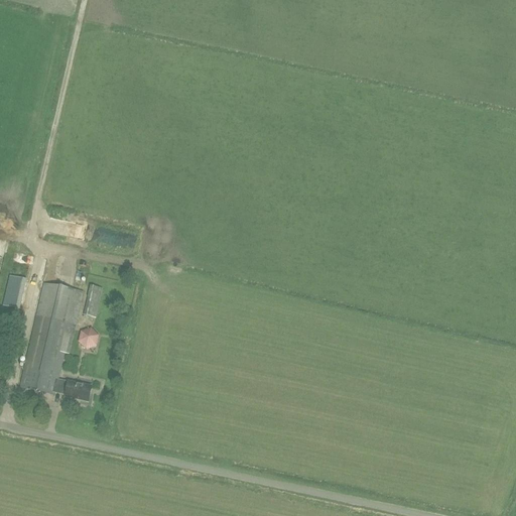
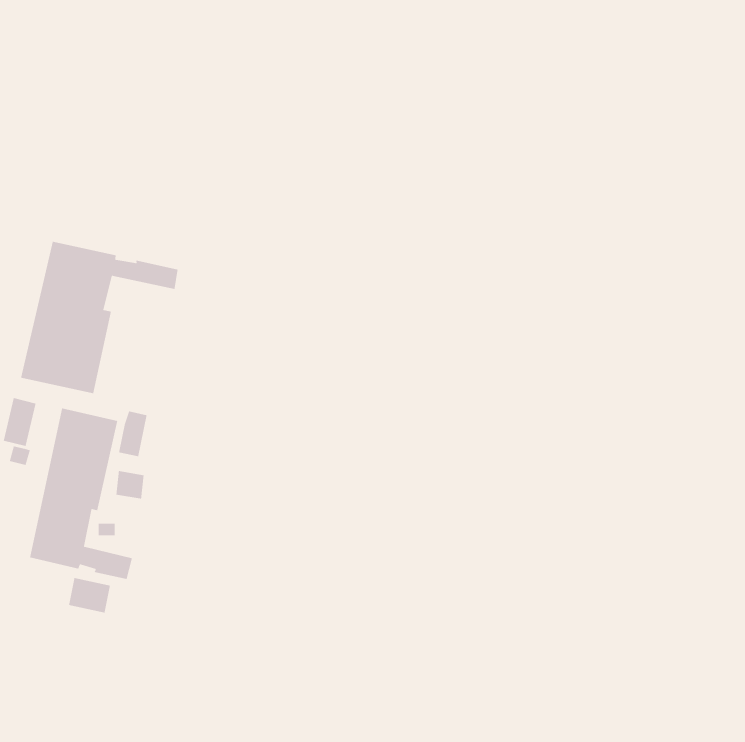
building: none -> [20,241,179,394]
building: none -> [68,577,111,613]

